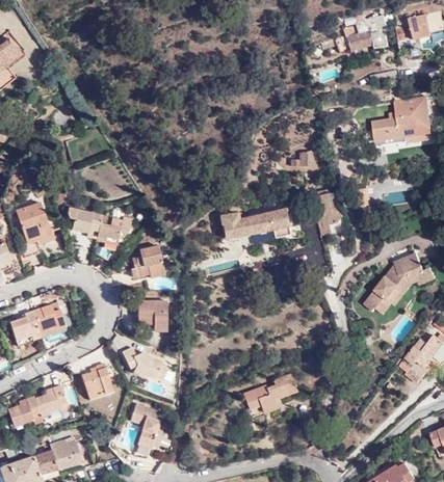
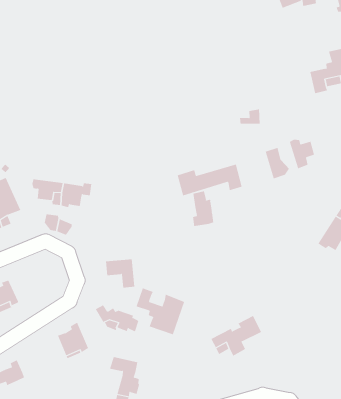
building: none -> [289,139,315,169]
building: none -> [192,190,214,227]
building: [130,245,163,277] -> none
building: [34,302,66,336] -> none
building: none -> [136,287,185,335]
building: [34,384,67,411] -> none

